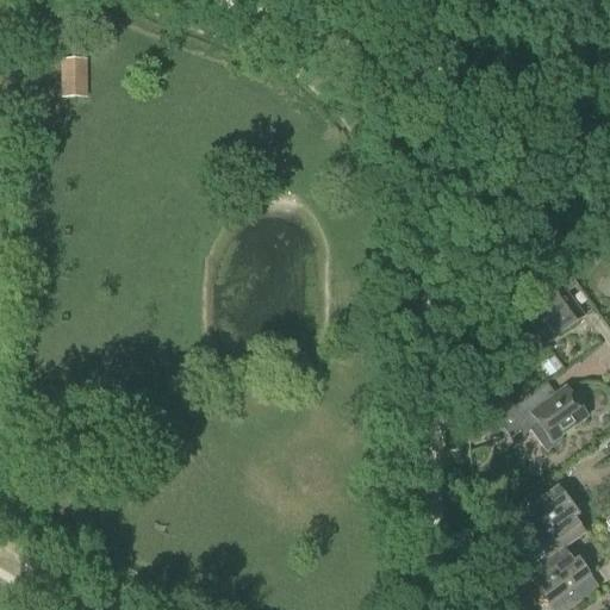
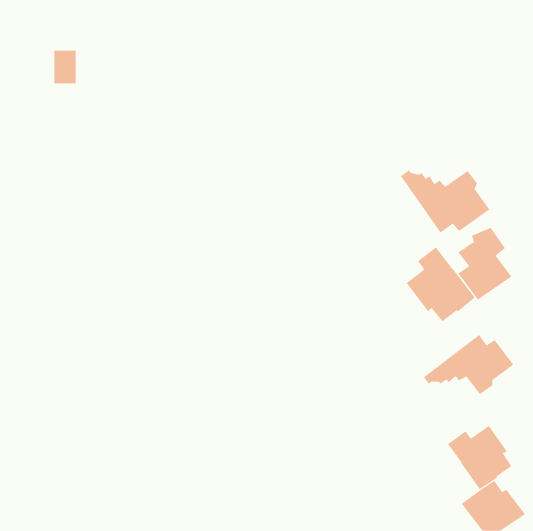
building: none -> [400,169,490,234]
building: none -> [406,247,476,322]

